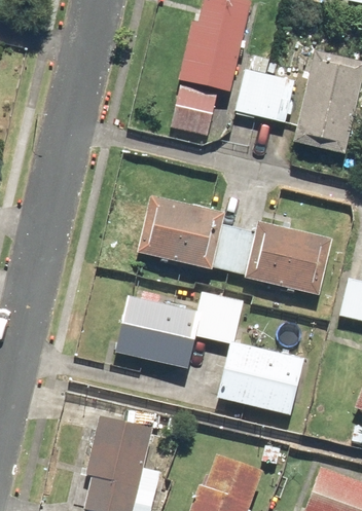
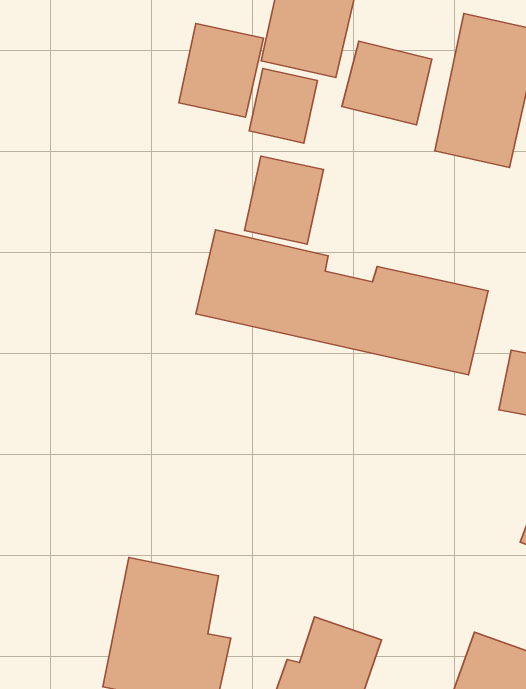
building: none -> [179,23,263,117]
building: none -> [245,156,323,244]
building: [114,291,305,414] -> none

